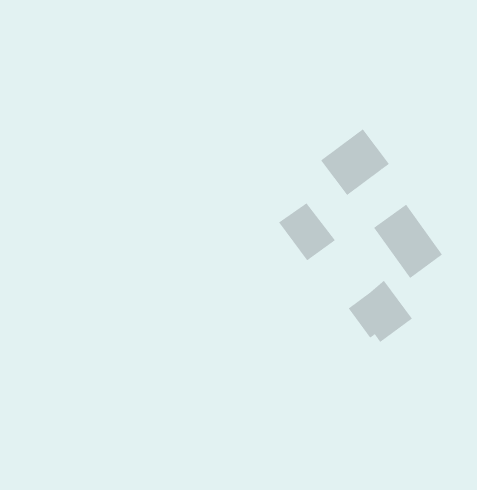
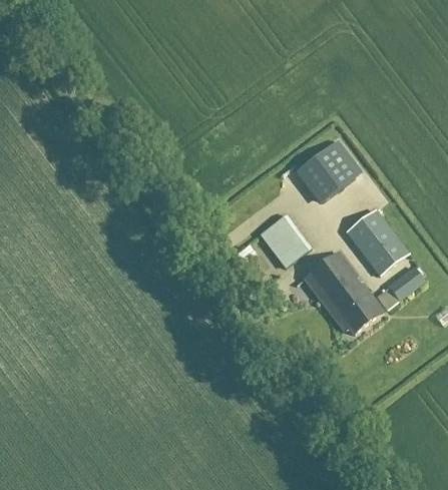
building: none -> [305,253,356,304]
building: none -> [386,267,425,302]

